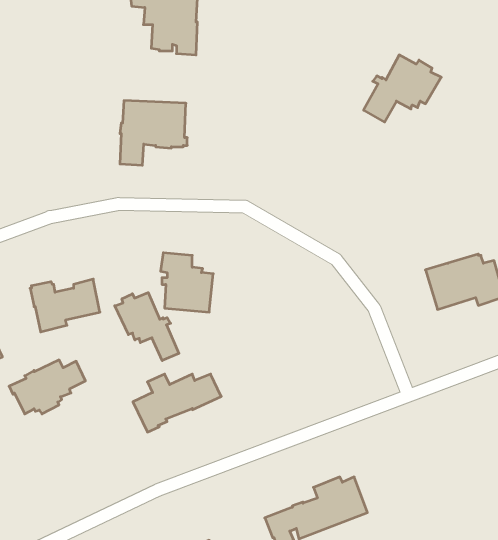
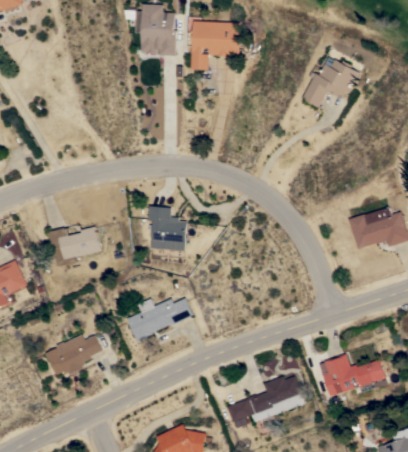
building: [120,101,187,165] -> [191,21,242,70]
building: [115,293,179,361] -> none
building: [9,360,85,414] -> [45,334,103,375]
building: none -> [319,354,387,396]

